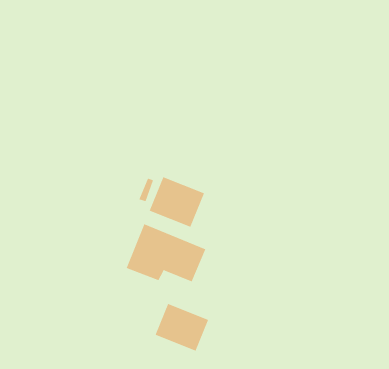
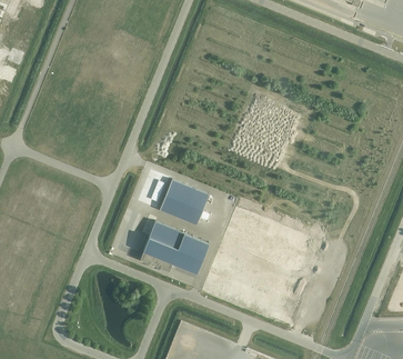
building: [155,303,209,352] -> none

